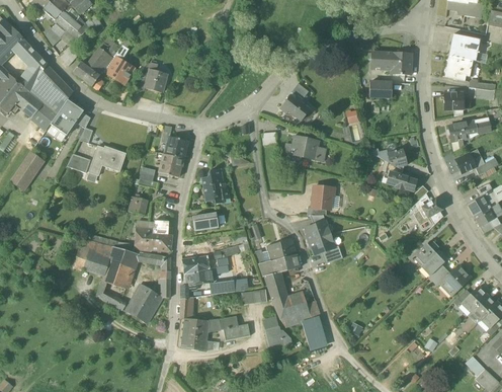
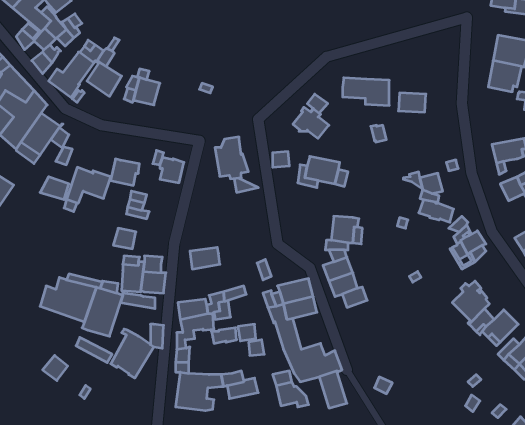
building: [371,52,411,75] -> [343,78,389,105]
building: [443,92,470,109] -> none
building: [159,154,183,176] -> [111,159,139,185]
building: [201,168,230,204] -> [215,137,248,179]

